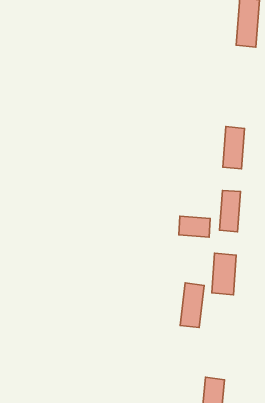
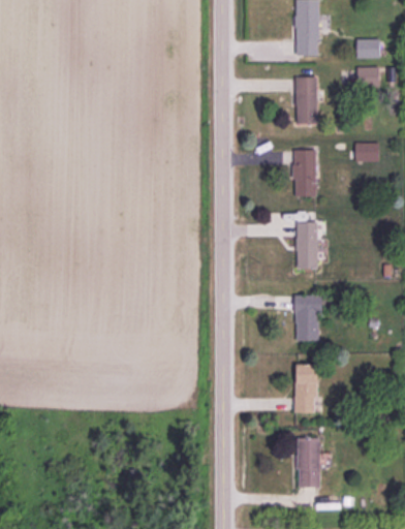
building: none -> [295,76,318,124]
building: [179,216,210,237] -> none
building: [180,283,204,327] -> [294,364,317,413]

